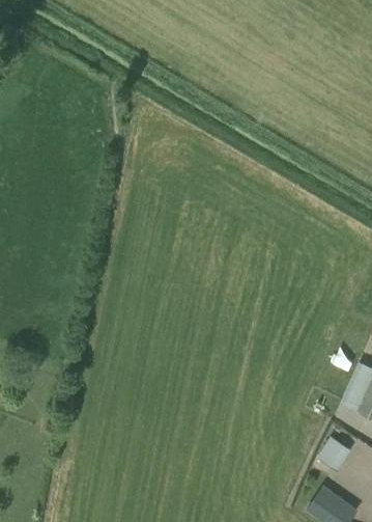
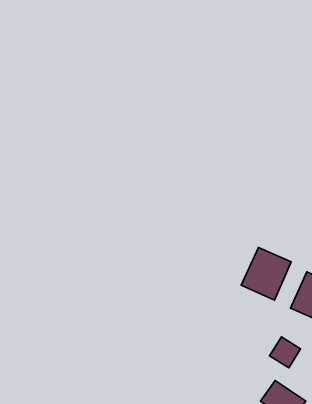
building: none -> [241,247,291,300]

